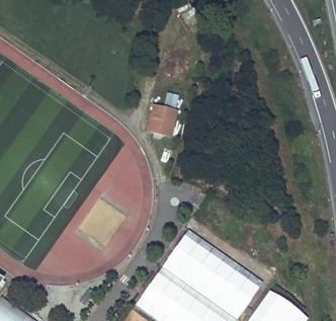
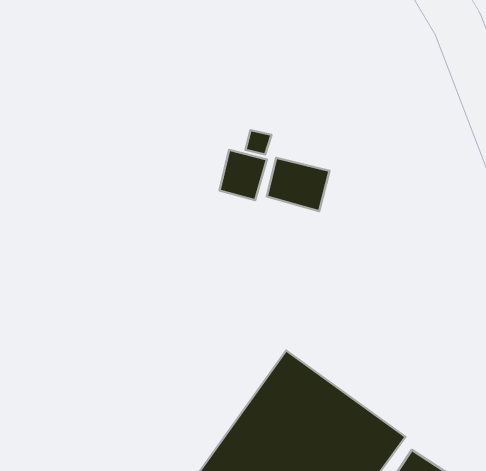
building: none -> [267,158,330,211]

